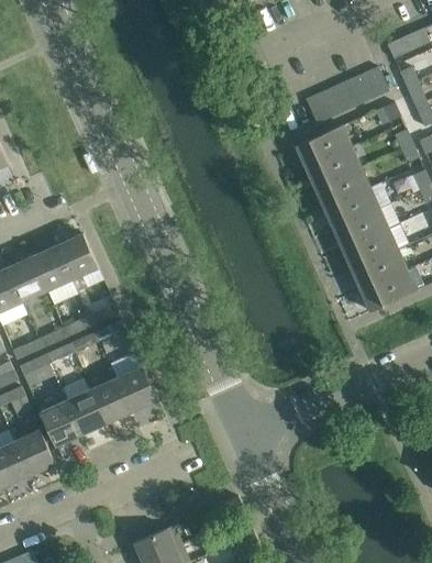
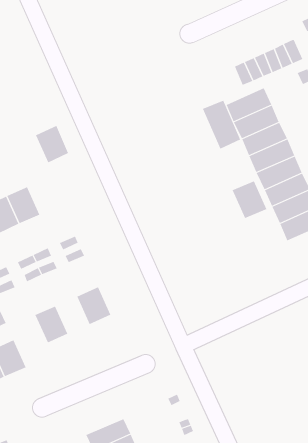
building: none -> [202,100,241,149]
building: [56,233,97,279] -> [35,125,69,163]
building: none -> [232,180,267,219]
building: [90,378,131,423] -> none
building: [40,400,80,446] -> none

